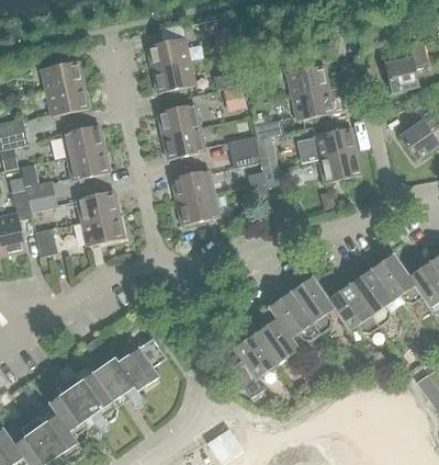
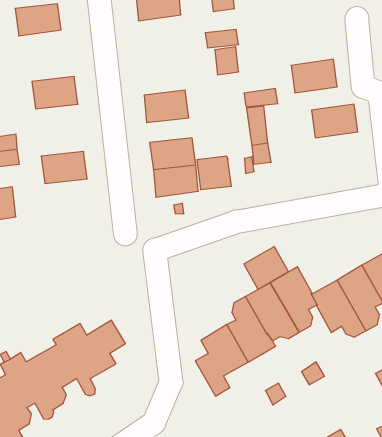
building: [151,59,194,92] -> none
building: [286,64,328,95] -> none
building: [46,82,89,115] -> none
building: [157,102,199,134] -> none
building: [227,134,260,166] -> [197,156,232,190]
building: [67,147,110,179] -> none
building: [318,149,361,182] -> none
building: [81,213,124,245] -> none
building: none -> [244,246,288,289]

